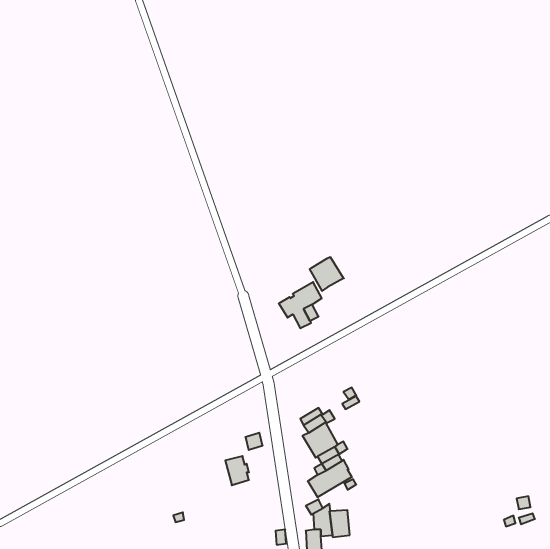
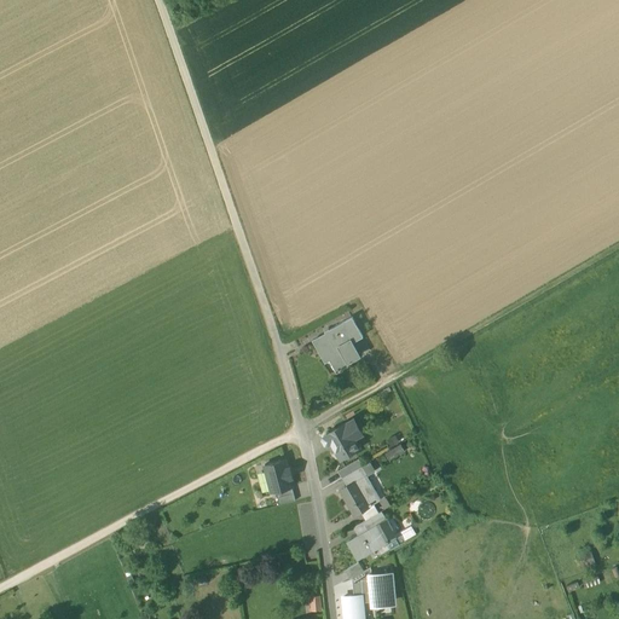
building: [310,257,344,291] -> none
building: none -> [326,421,360,459]
building: [225,456,249,485] -> [265,461,291,493]

